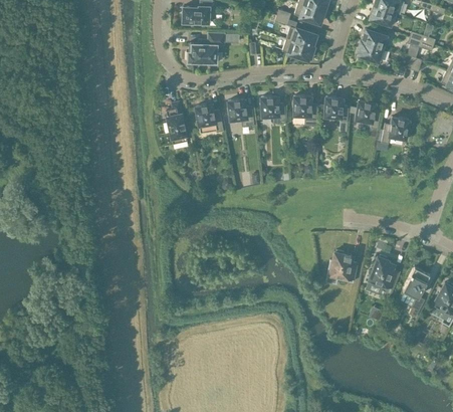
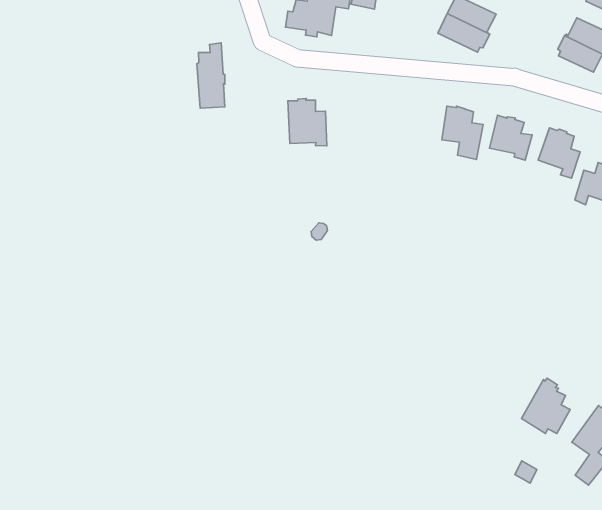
building: [260,95,285,124] -> none
building: [227,98,254,127] -> none
building: [166,101,187,144] -> [197,43,225,108]
building: [325,250,357,283] -> none

